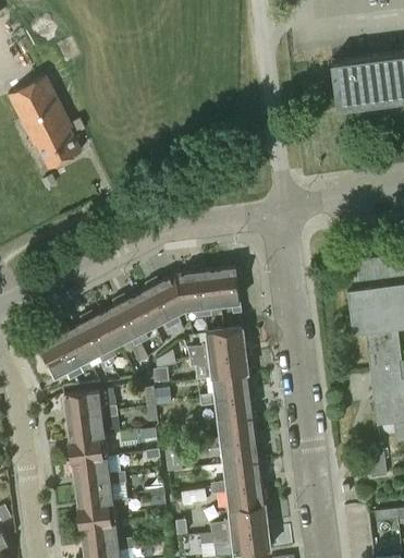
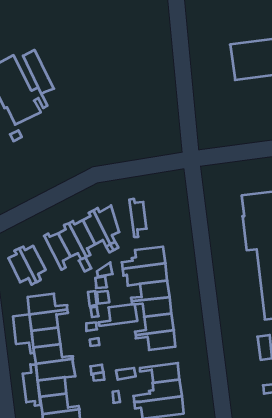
building: none -> [23,50,54,94]
building: [173,268,204,318] -> none
building: [216,268,241,314] -> none
building: [71,316,108,365] -> none
building: none -> [13,314,34,353]
building: [210,462,261,490] -> [99,304,137,326]
building: none -> [23,364,40,406]

